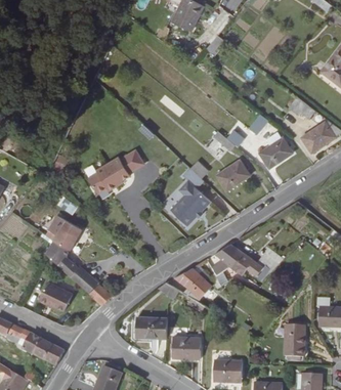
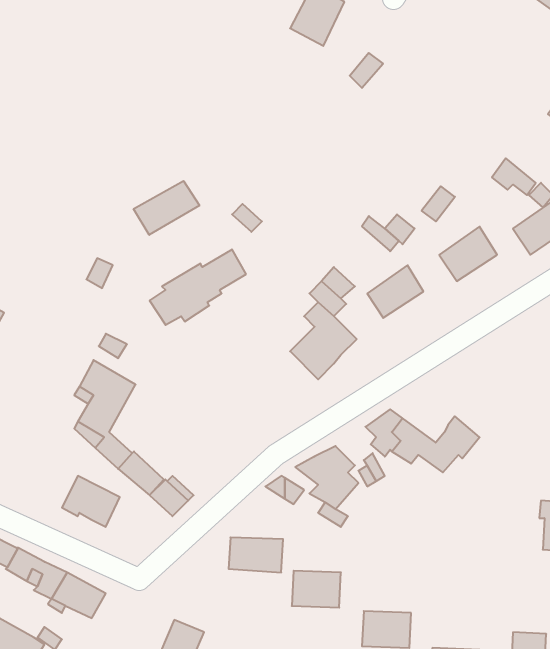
building: none -> [134,181,199,235]
building: [284,323,304,356] -> none

